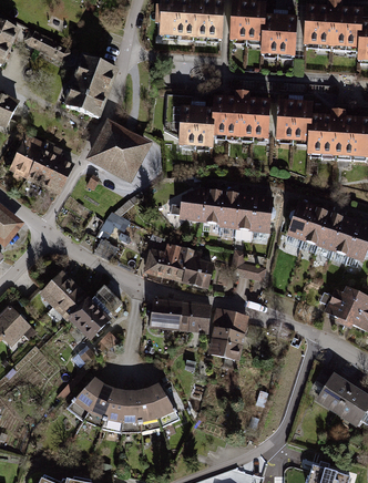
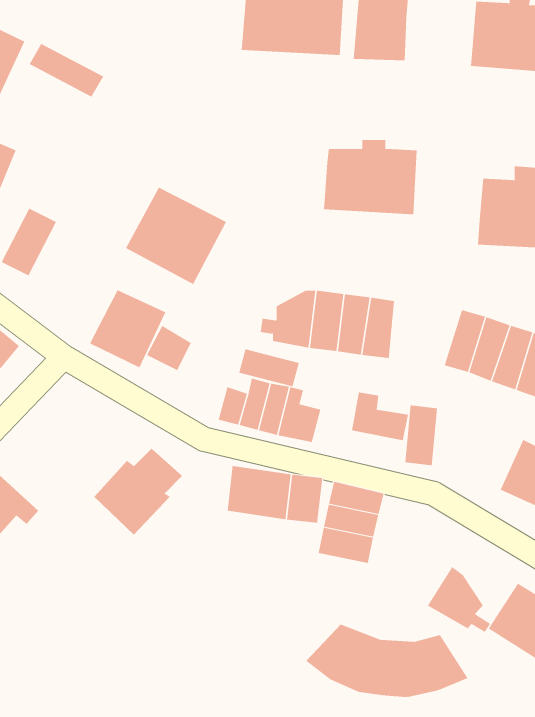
building: [262,14,296,55] -> none
building: [64,56,115,119] -> none
building: [163,96,213,147] -> none
building: [276,99,313,143] -> none
building: [24,144,73,194] -> [89,289,166,368]
building: [253,194,274,233] -> [405,405,438,466]
building: none -> [239,348,299,387]
building: [39,269,86,318] -> none
building: none -> [427,566,491,633]
building: [72,378,175,424] -> [306,624,469,697]

